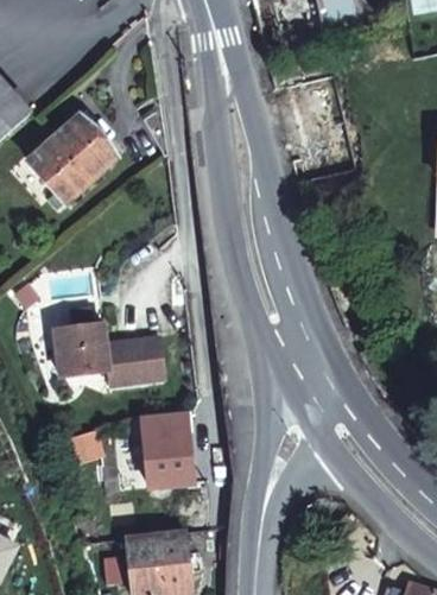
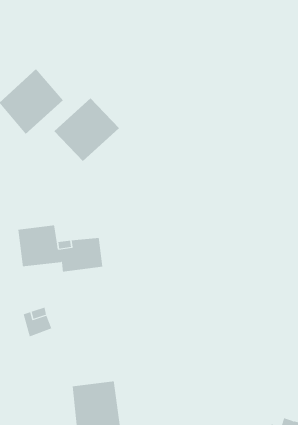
building: none -> [53,97,120,162]
building: [141,411,191,483] -> none

